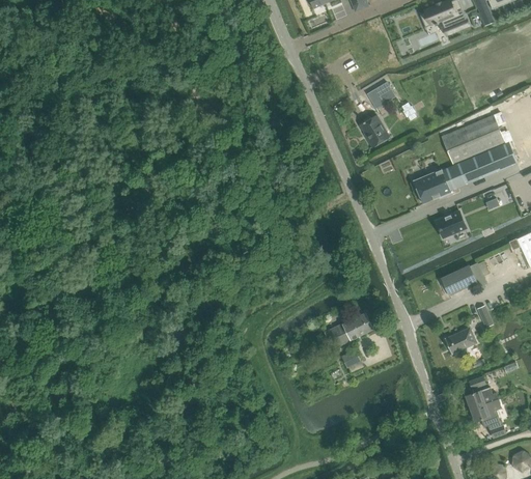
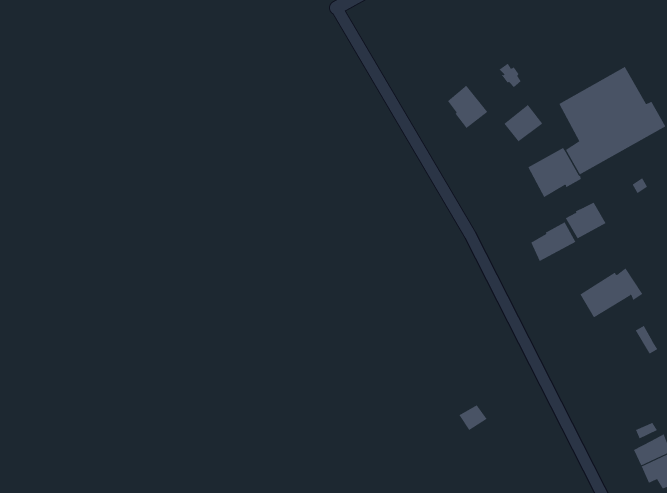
building: [366,82,395,109] -> [503,104,543,142]
building: none -> [530,222,576,262]
building: [325,312,372,349] -> none
building: [444,328,477,355] -> none

